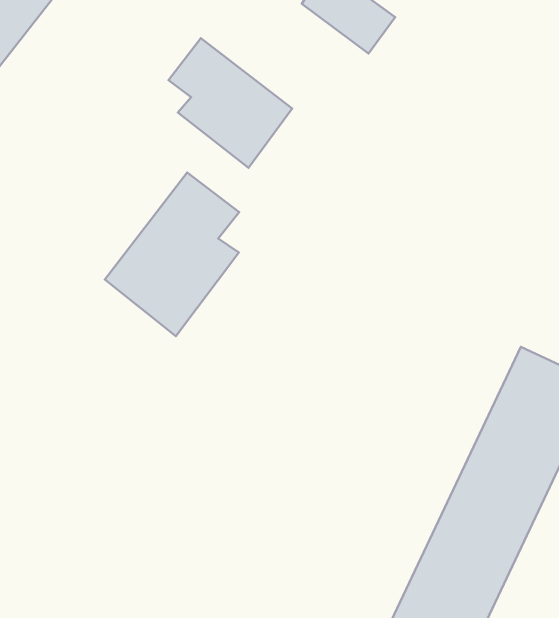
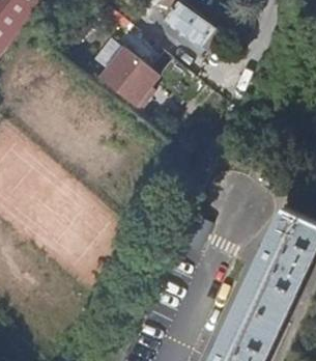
building: [105,172,239,336] -> none

